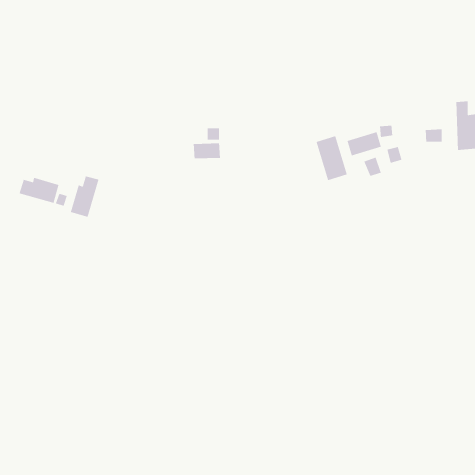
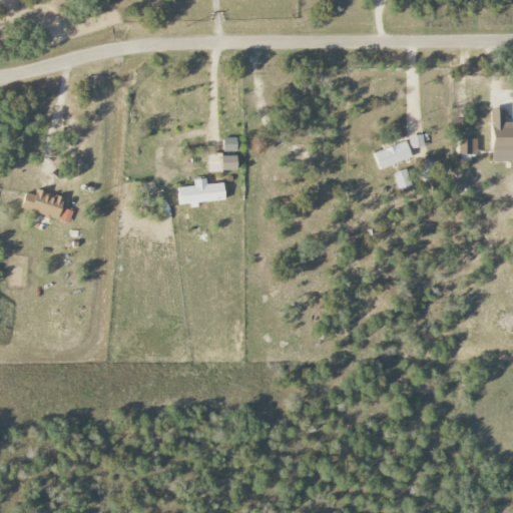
building: [316,135,348,181] -> none
building: none -> [178,178,225,204]
building: [70,176,99,218] -> none

